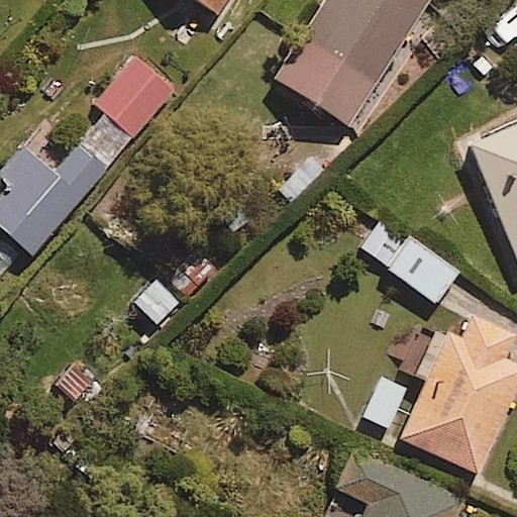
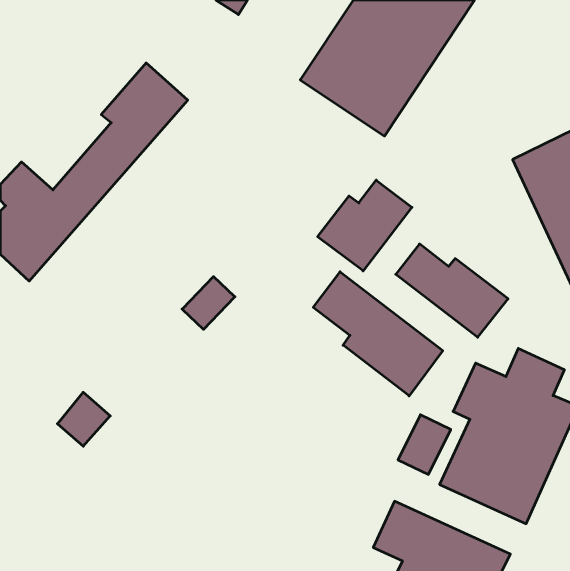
building: none -> [318,180,412,271]
building: none -> [313,272,443,396]

